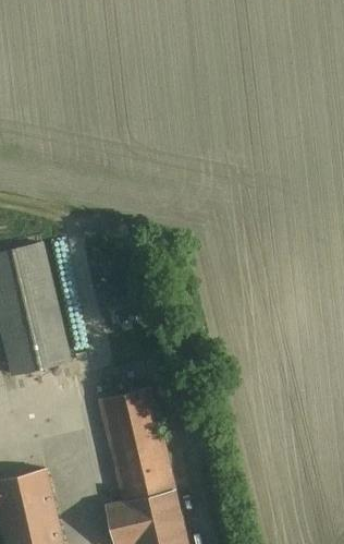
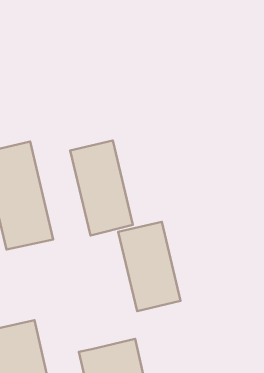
building: none -> [70,140,133,235]
building: [98,390,177,505] -> [118,222,181,311]

